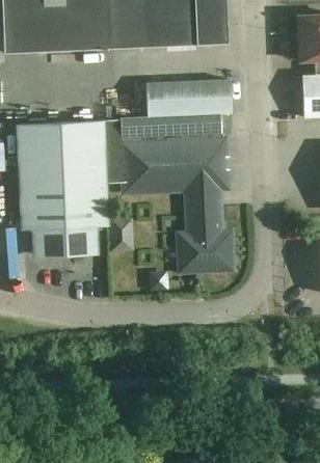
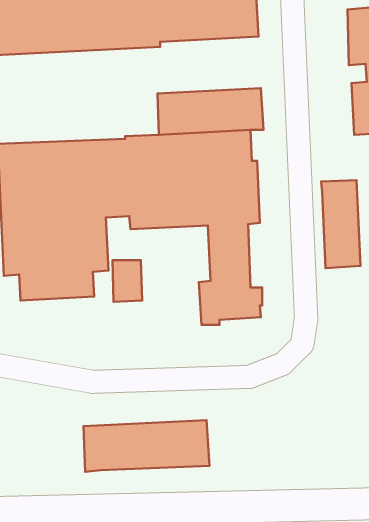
building: none -> [321,180,361,268]
building: none -> [84,420,209,472]

